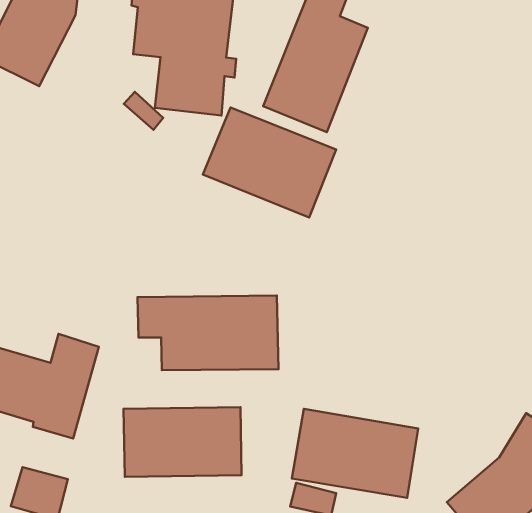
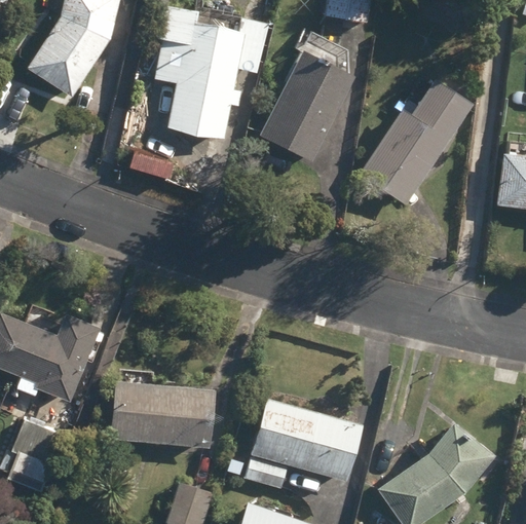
building: none -> [365,81,474,200]
building: [203,107,336,217] -> none
building: [137,295,278,370] -> none

